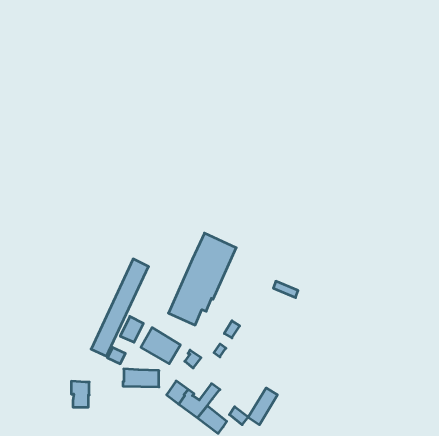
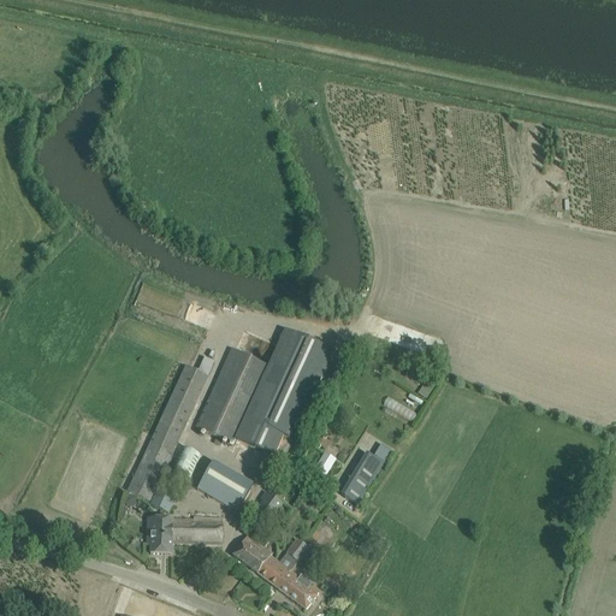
building: none -> [196,344,270,443]
building: [71,381,89,407] -> [148,515,173,551]
building: [248,388,277,425] -> [342,450,383,502]

